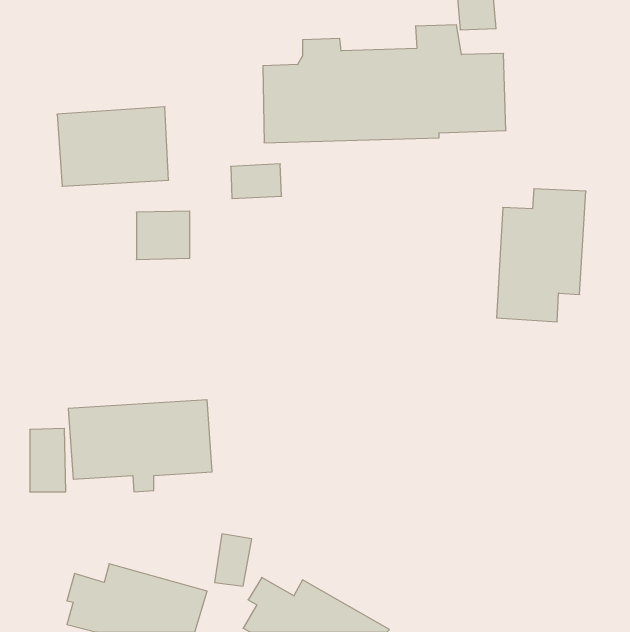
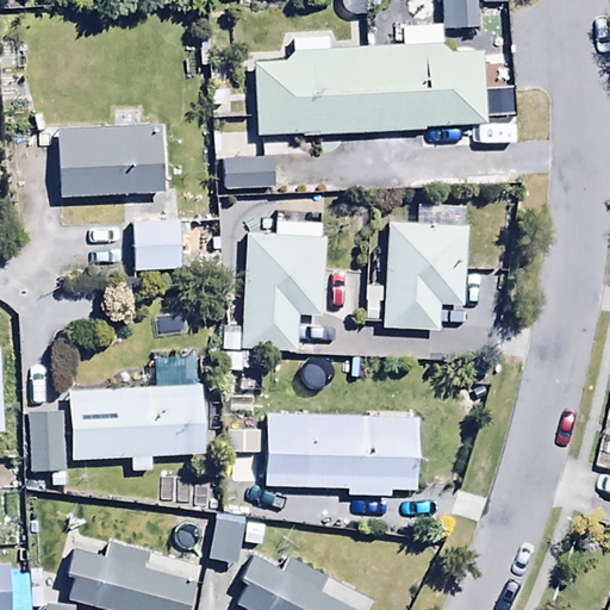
building: [497,189,586,322] -> [384,204,469,331]
building: none -> [244,223,326,350]
building: none -> [266,410,421,497]

